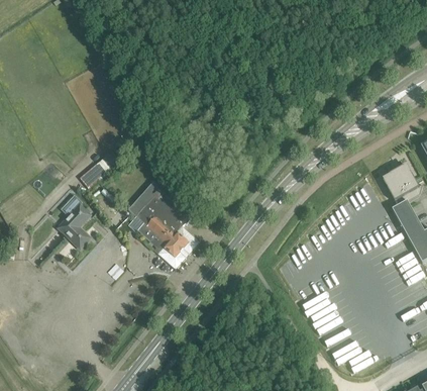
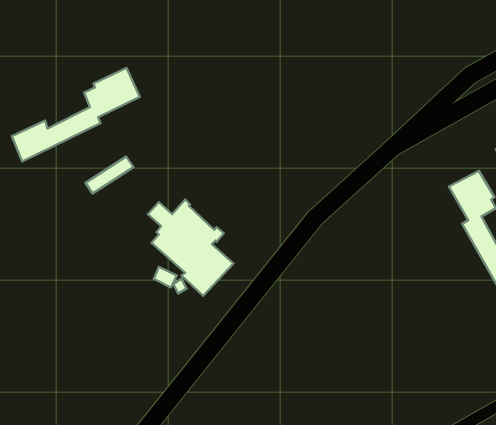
building: none -> [12,68,140,162]
building: [59,203,91,247] -> none

